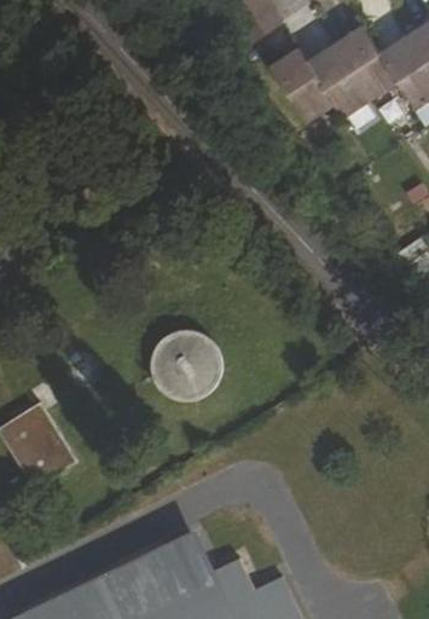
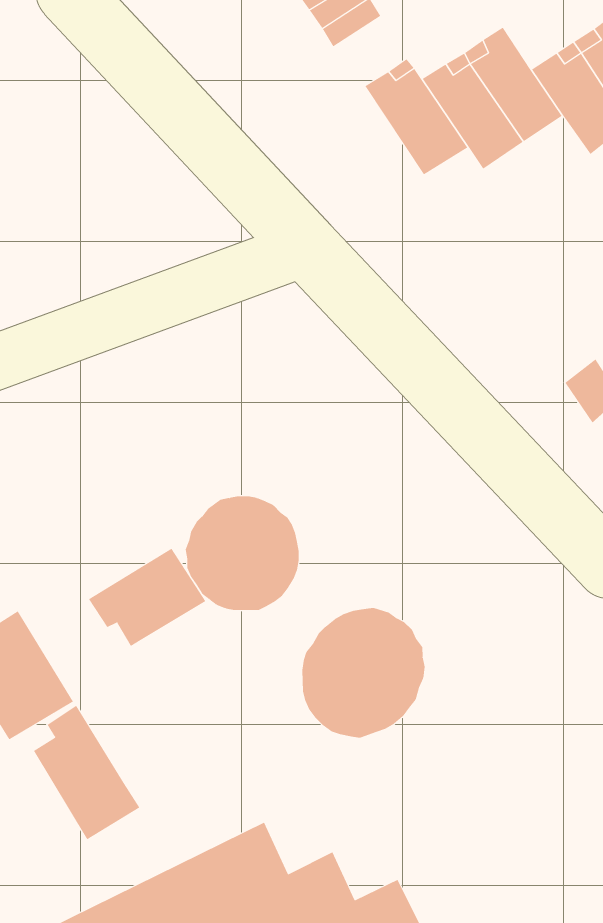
building: none -> [88,548,206,647]
building: none -> [302,607,425,738]
building: none -> [33,705,140,840]

